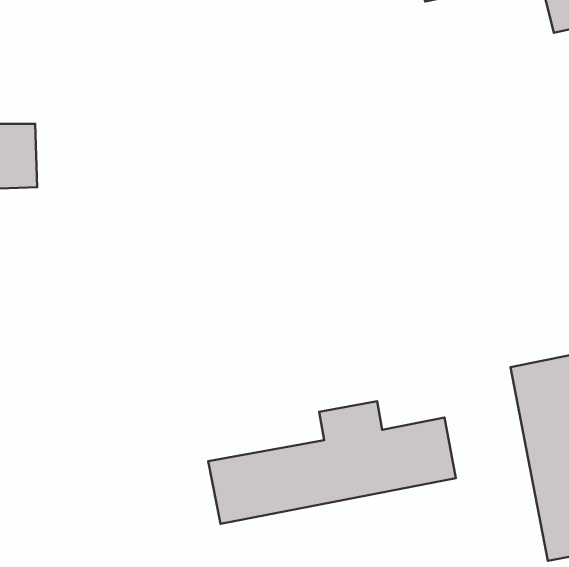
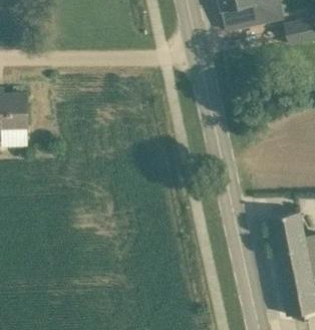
building: [208,401,456,524] -> none

